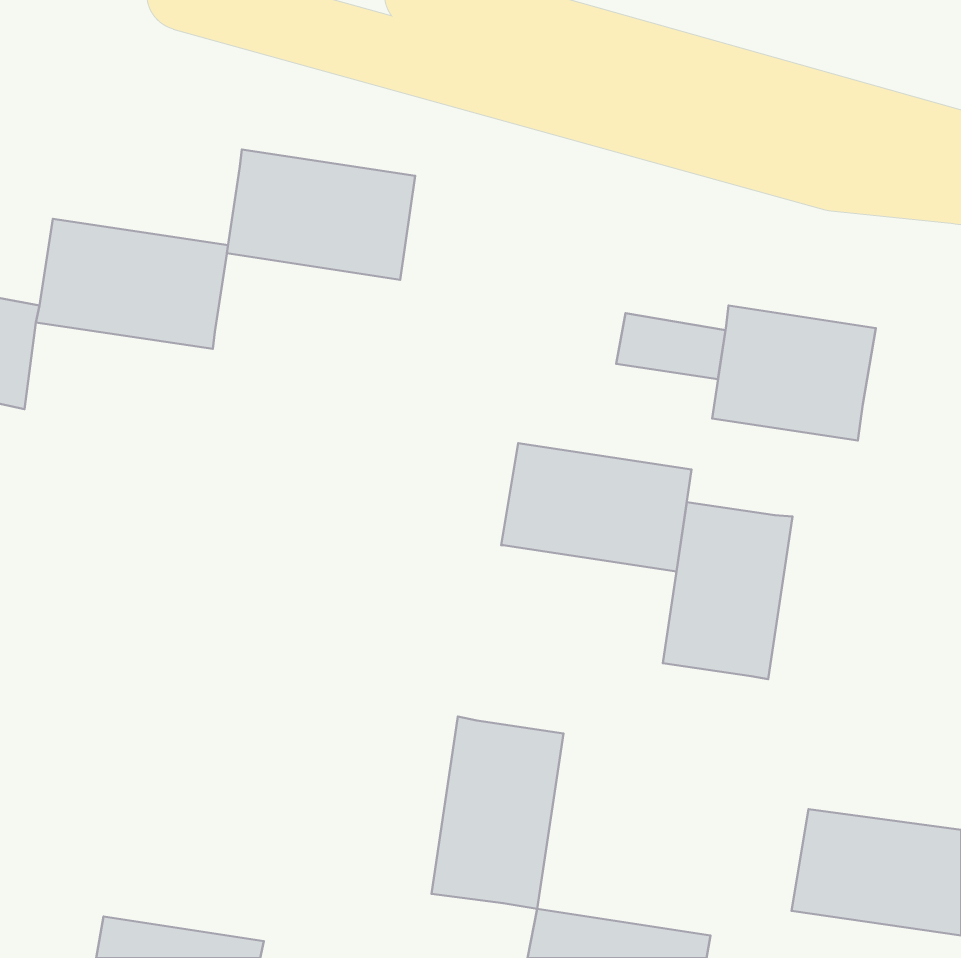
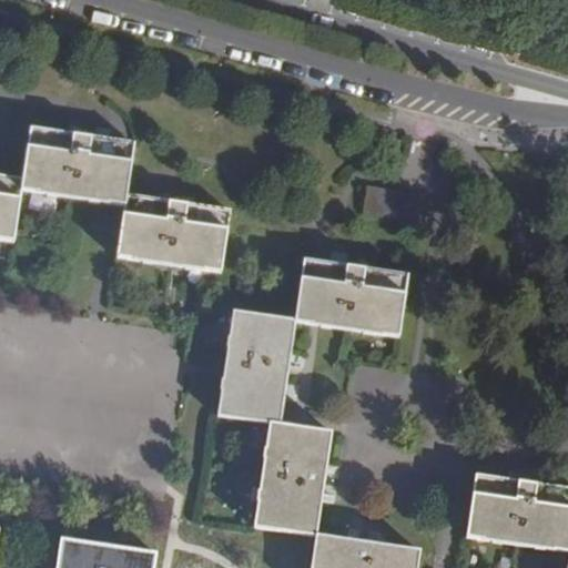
building: [227,150,415,280] -> [118,195,229,272]
building: [712,305,876,441] -> none
building: [663,502,793,679] -> none
building: none -> [219,312,296,424]

